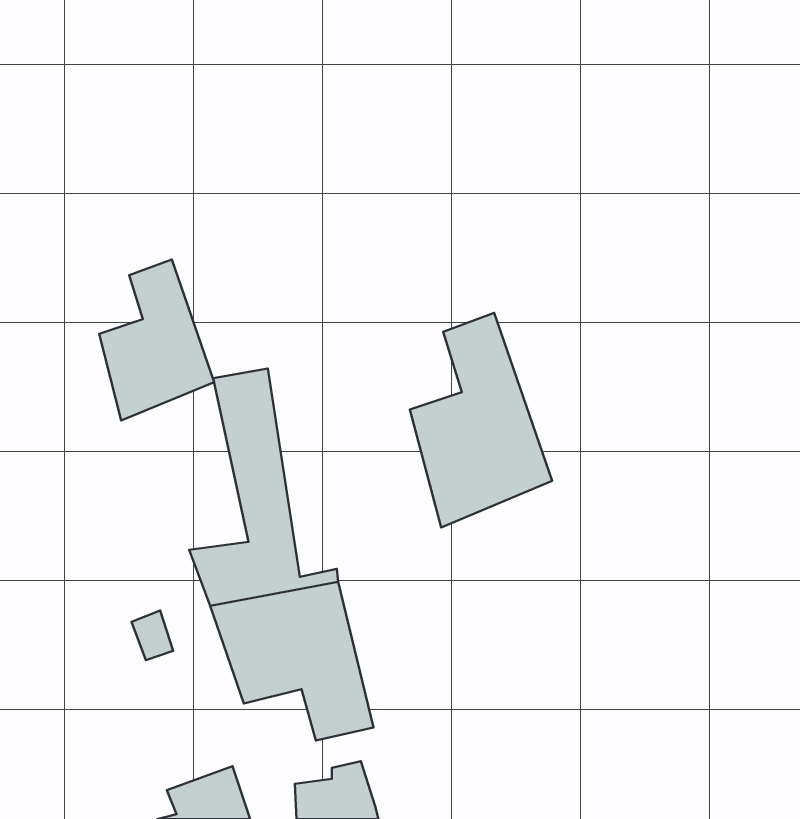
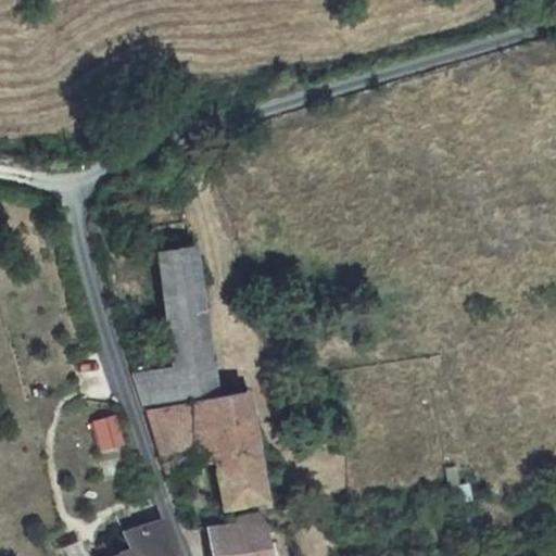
building: [99,260,214,420] -> none
building: [410,313,552,527] -> none

